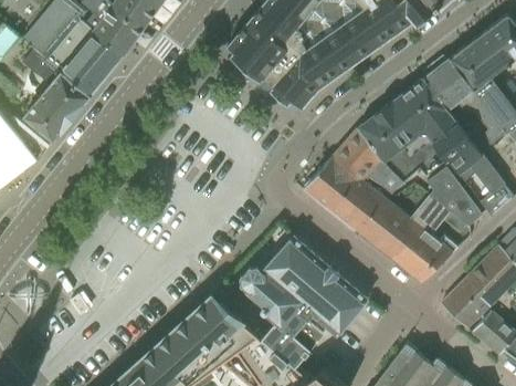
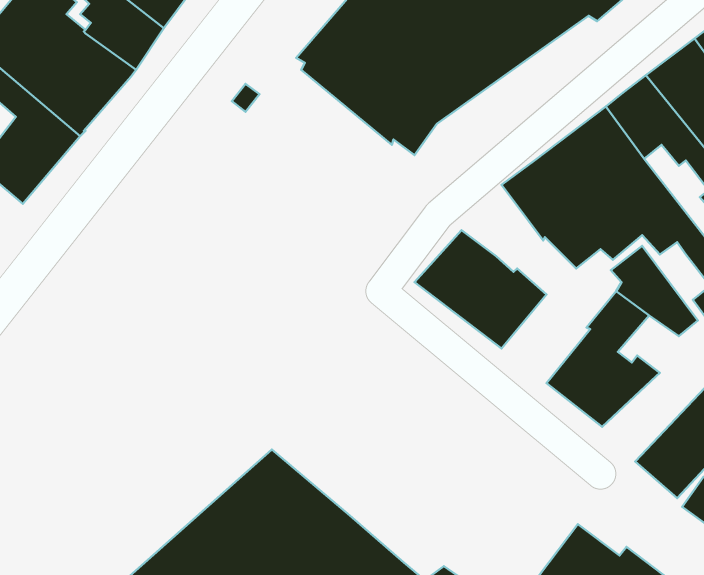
building: [331,128,393,187] -> none
building: [357,198,413,254] -> none
building: [241,237,367,368] -> none

